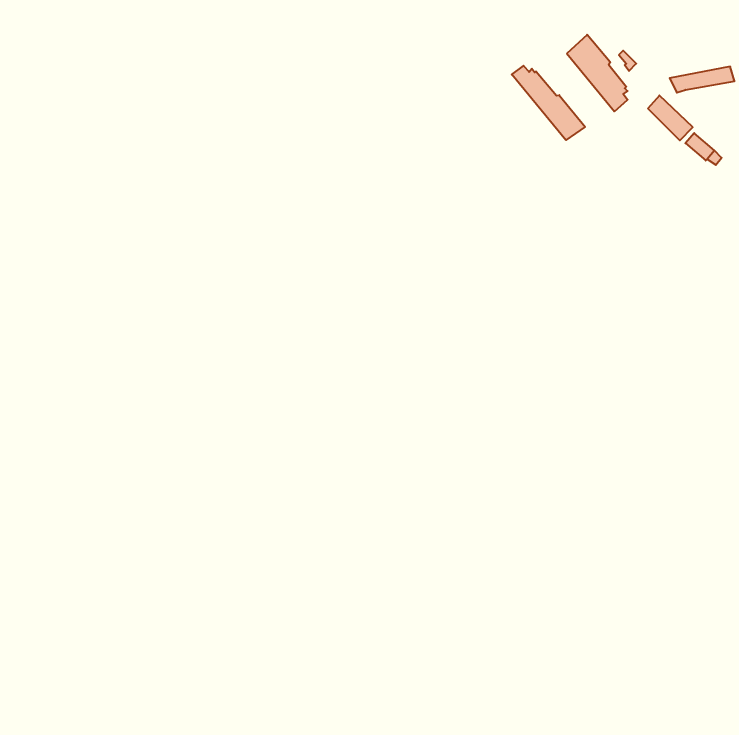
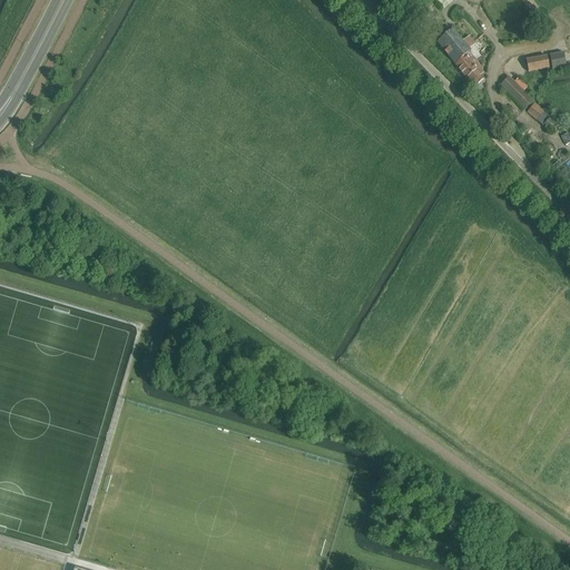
building: [512,66,585,140] -> none

